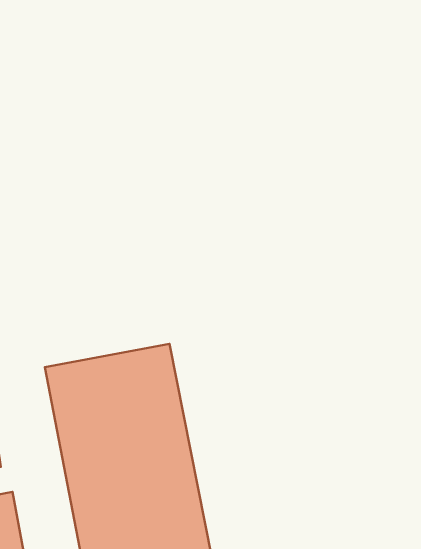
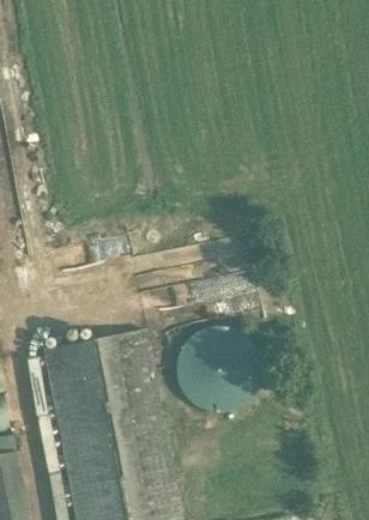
building: none -> [174,325,261,412]

